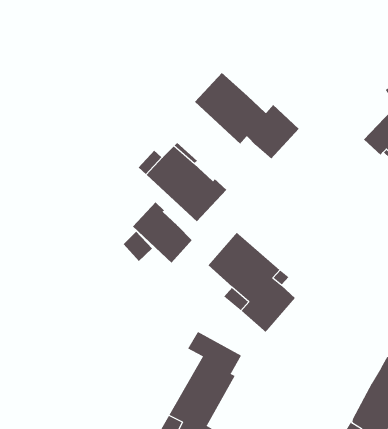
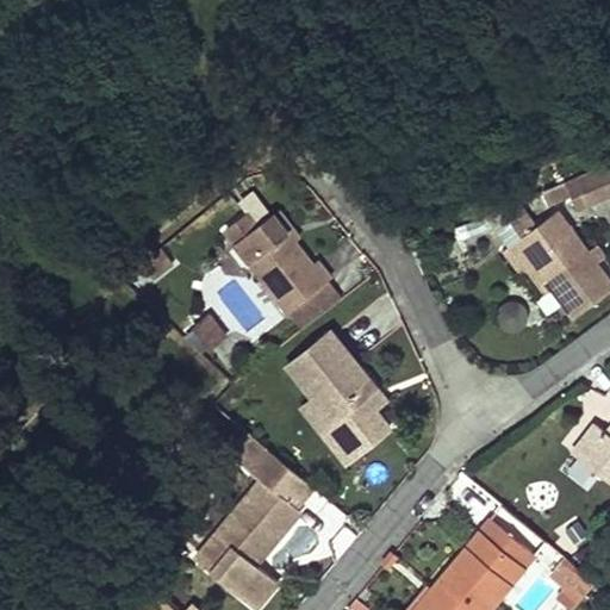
building: [194,72,300,159] -> none
building: [132,201,193,263] -> none

